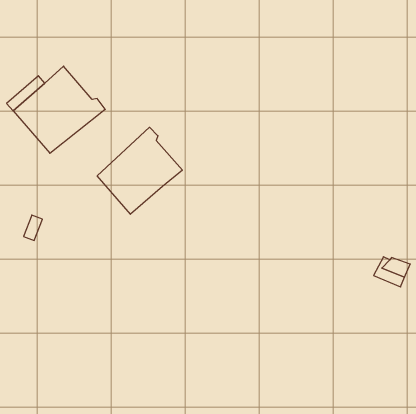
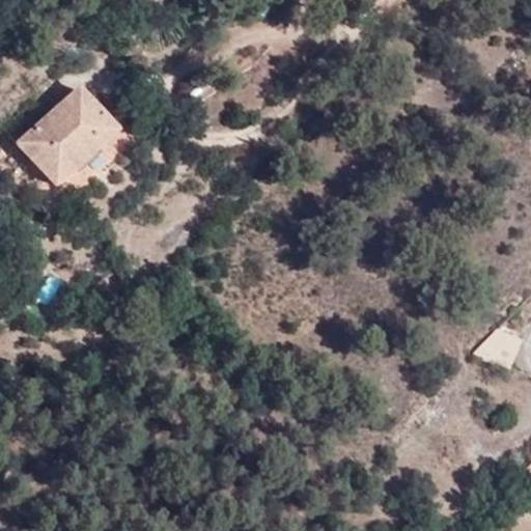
building: [97,127,182,214] -> none

